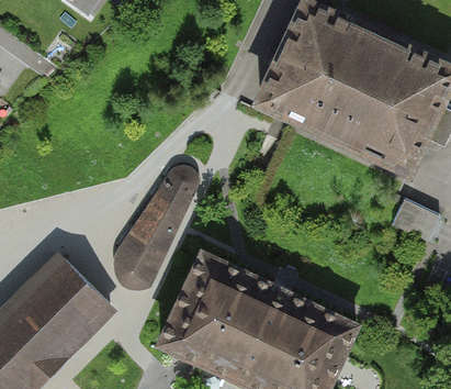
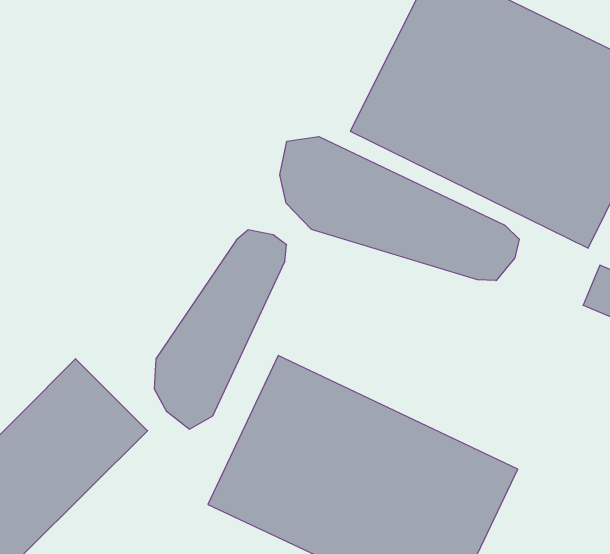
building: none -> [280,137,519,281]

